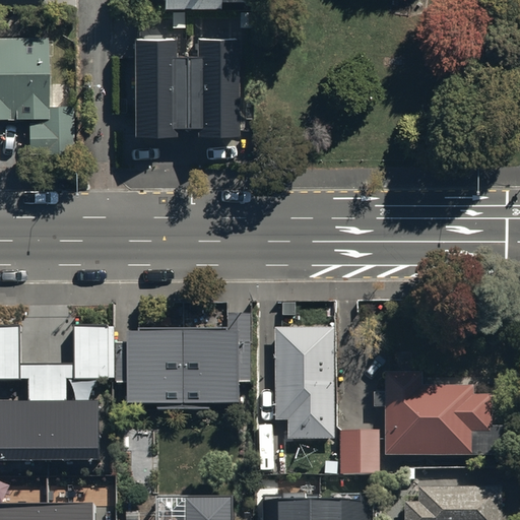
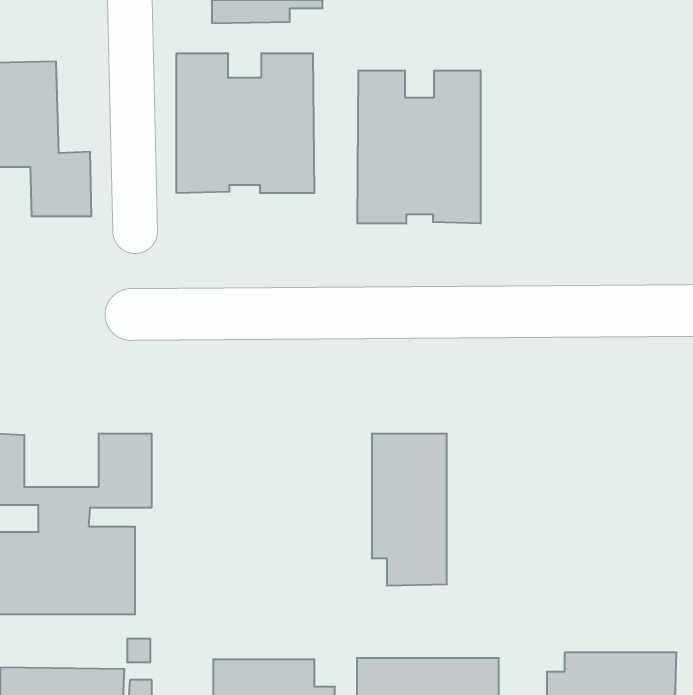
building: none -> [357,70,481,224]
building: [117,309,252,404] -> none
building: [384,372,498,454] -> none
building: [339,431,378,473] -> none

